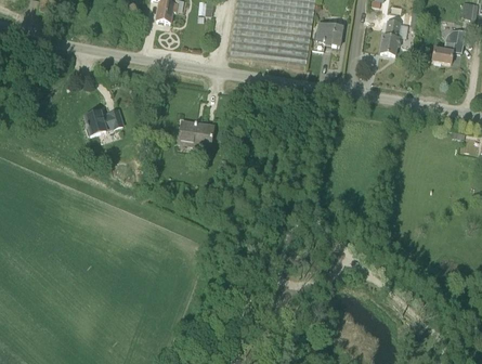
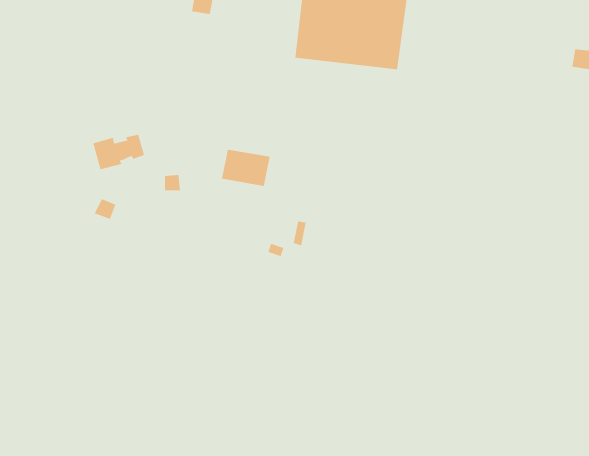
building: [380,20,401,55] -> none
building: [312,23,342,51] -> none

